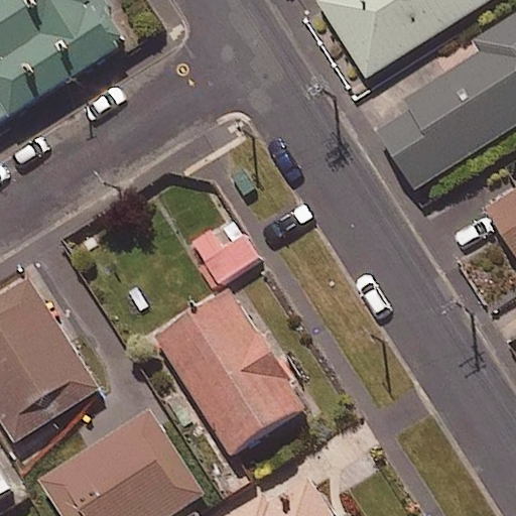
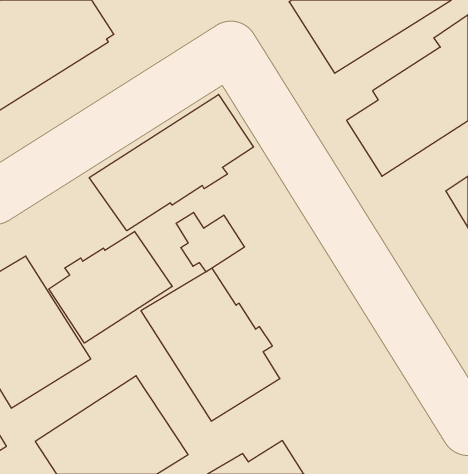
building: none -> [89,94,254,231]
building: none -> [49,231,172,343]

